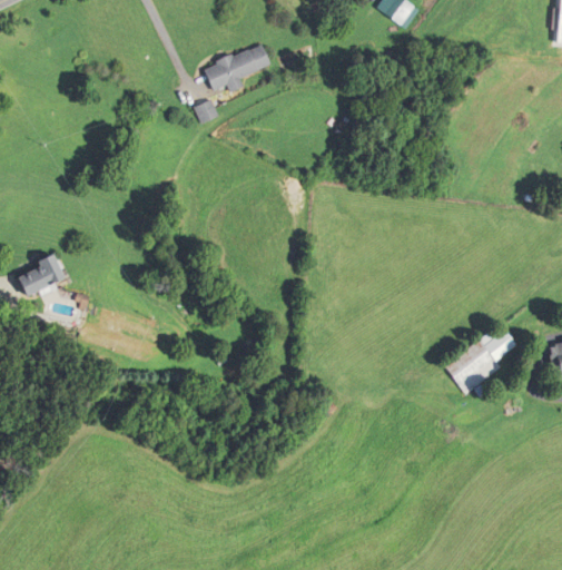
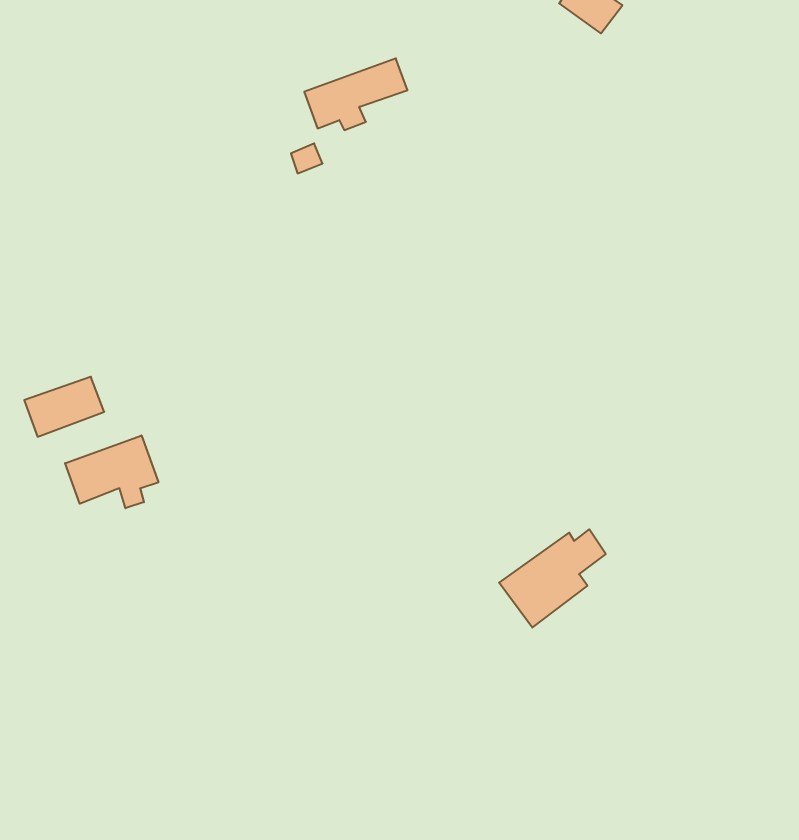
building: none -> [65,435,158,508]
building: [445,327,516,393] -> [499,529,606,628]

